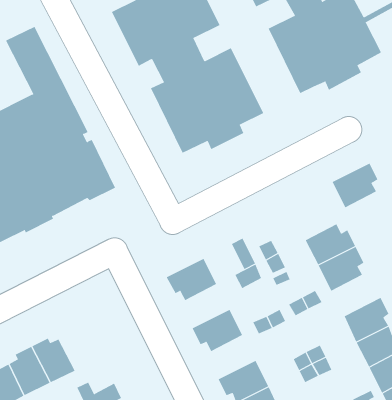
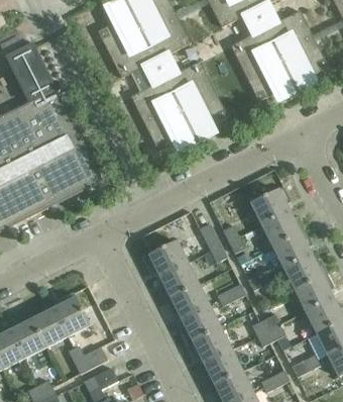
building: [332,163,378,208] -> [250,187,290,225]
building: none -> [283,255,326,290]
building: none -> [158,263,198,300]
building: none -> [52,293,89,336]
building: none -> [181,306,220,343]

